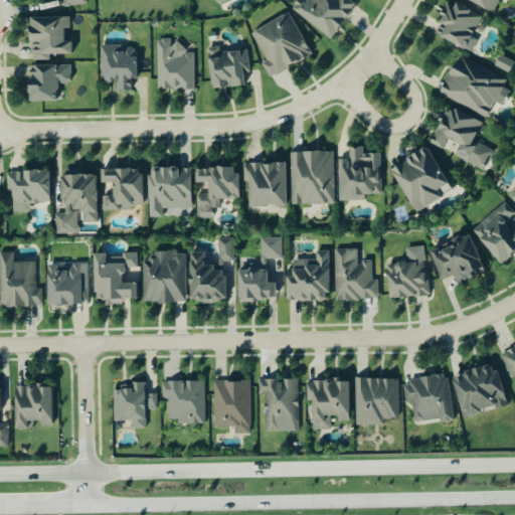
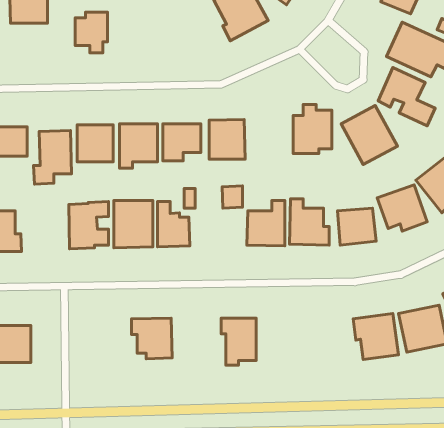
building: [157,38,193,89] -> none
building: [207,45,249,88] -> none
building: [29,64,70,101] -> none
building: [291,151,333,204] -> none
building: [48,262,90,303] -> none
building: [238,269,276,300] -> none
building: [356,376,399,421] -> none
building: [213,379,249,425] -> none
building: [311,380,349,421] -> none
building: [114,381,157,426] -> none

